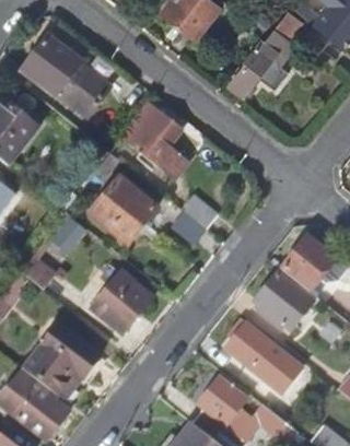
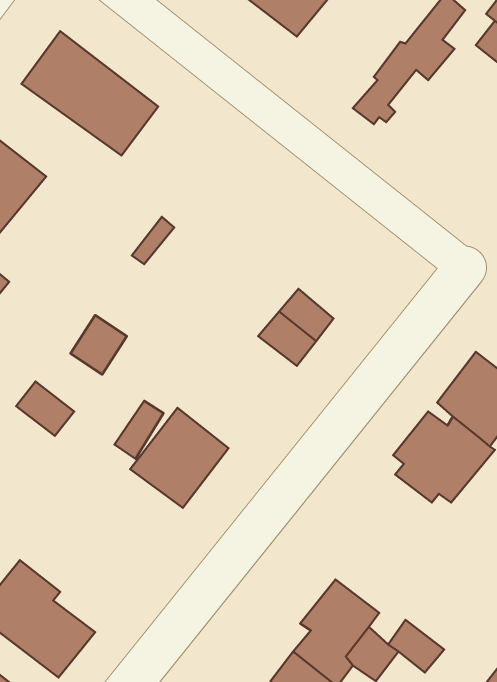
building: [122,103,183,163] -> none
building: [88,178,156,246] -> none
building: [22,321,98,398] -> none
building: [223,322,304,396] -> none

